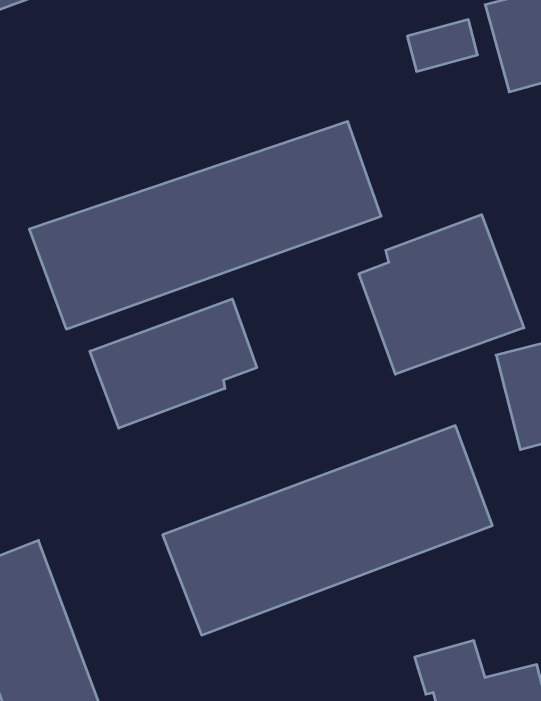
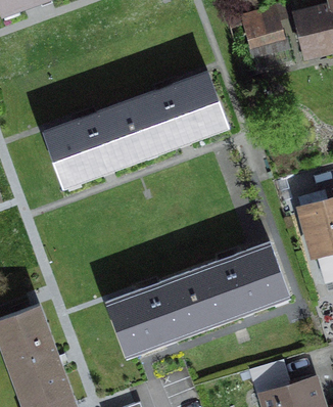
building: [359,215,524,374] -> none
building: [90,299,257,428] -> none

